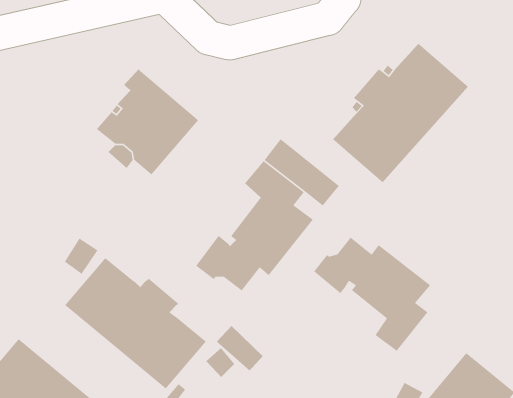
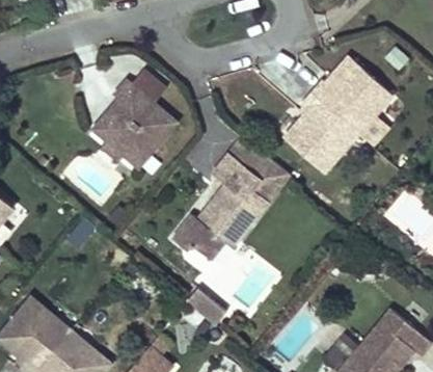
building: [313,237,431,352] -> none
building: [64,257,207,390] -> none

